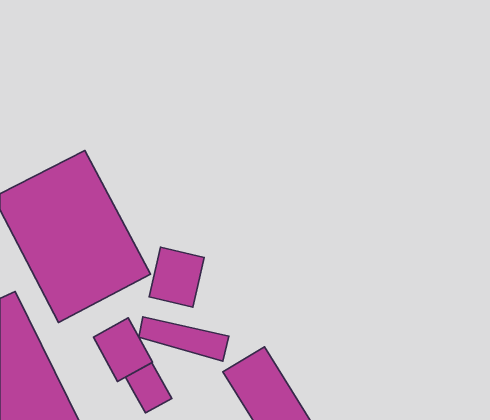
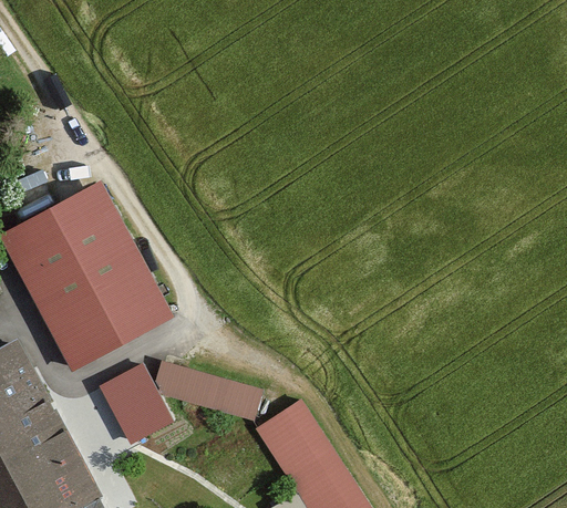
building: [149,247,204,307] -> none
building: [126,363,172,413] -> none

